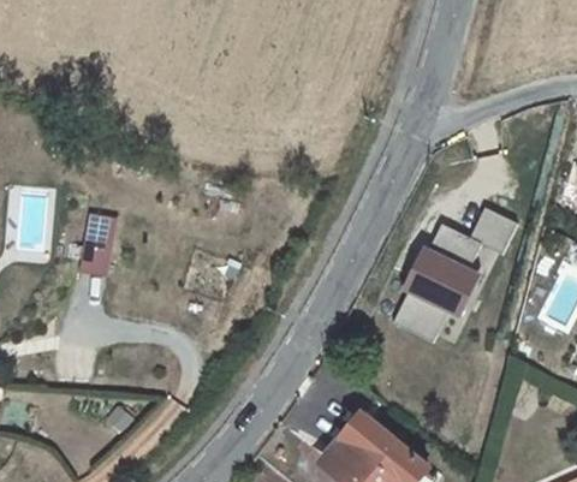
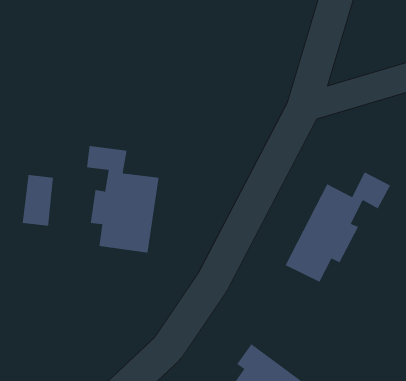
building: none -> [86,145,159,253]

